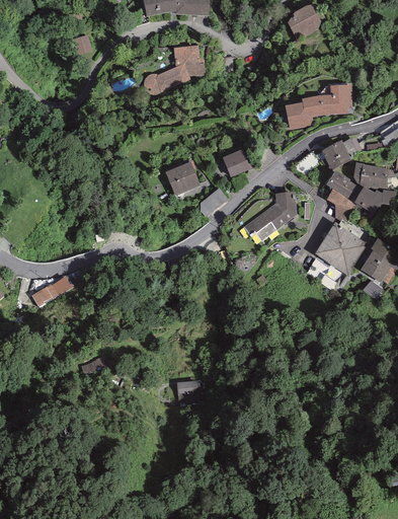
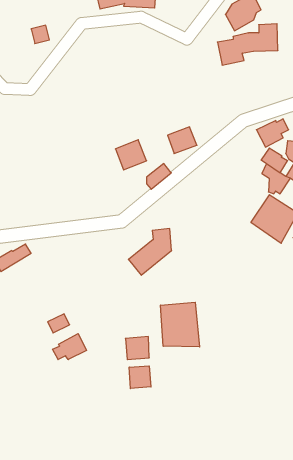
building: [144,45,205,95] -> none
building: [285,84,351,130] -> [217,24,278,65]
building: [245,193,293,244] -> [128,229,172,275]
building: none -> [161,302,200,347]
building: none -> [53,334,87,360]
building: none -> [129,366,151,389]

